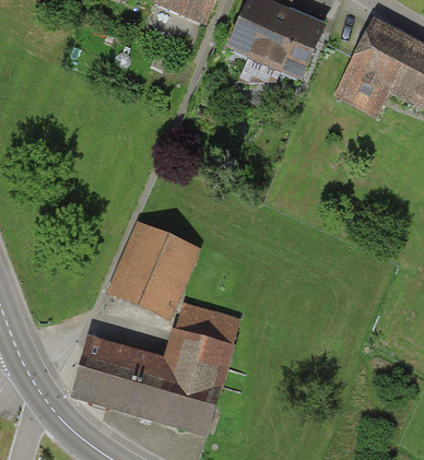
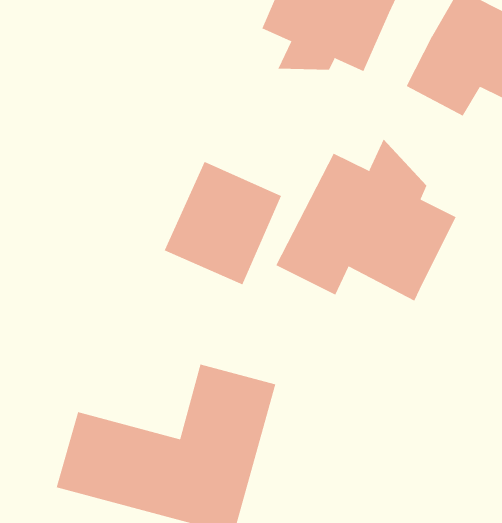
building: none -> [276,139,457,301]
building: [108,224,198,318] -> [164,161,282,285]

